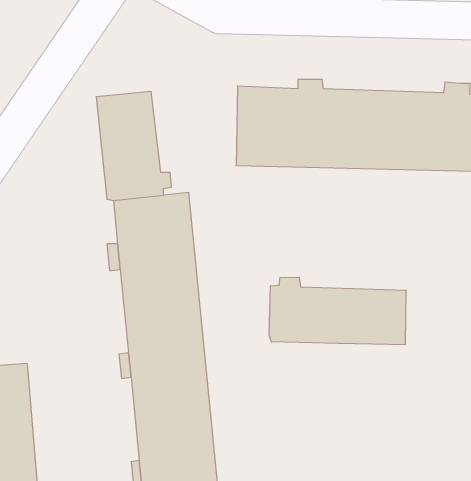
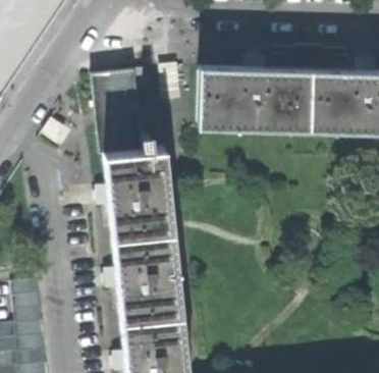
building: [269,277,406,345] -> none

